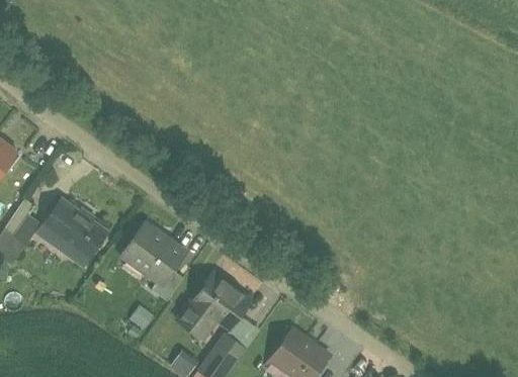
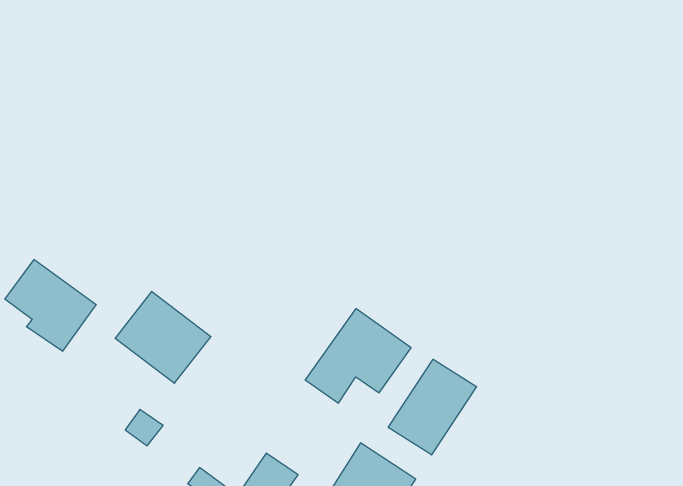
building: none -> [388,359,476,455]
building: [177,273,251,339] -> [305,309,411,403]

